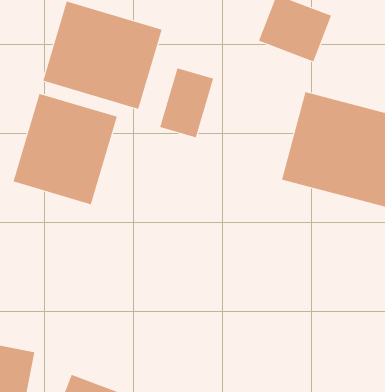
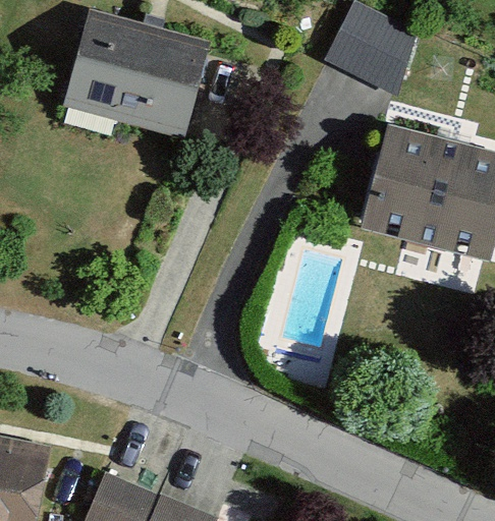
building: [159,68,214,138] -> none
building: [13,93,117,205] -> none

